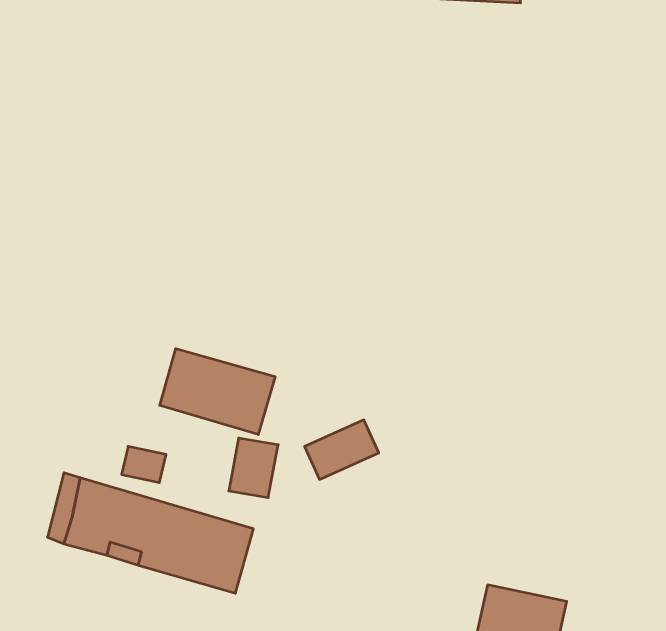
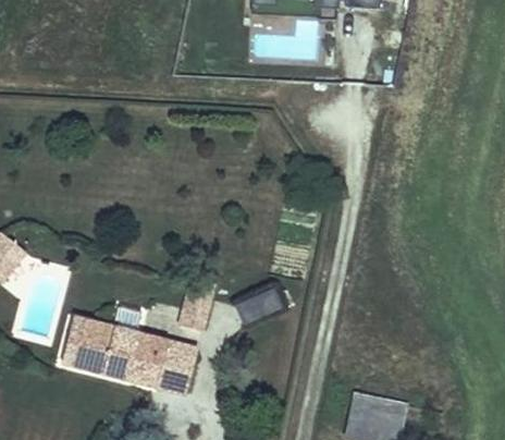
building: [160,349,275,435] -> none

